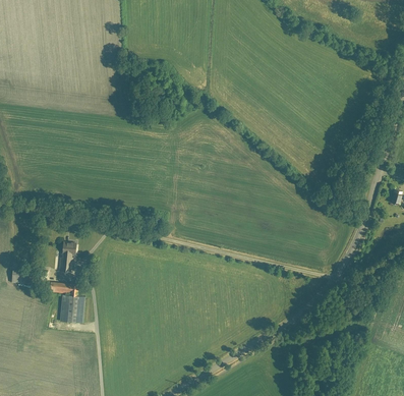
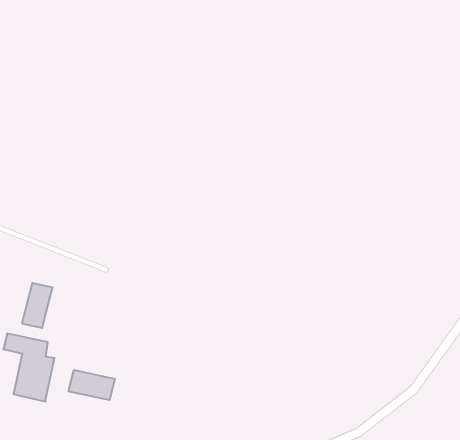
building: none -> [69,370,115,400]

